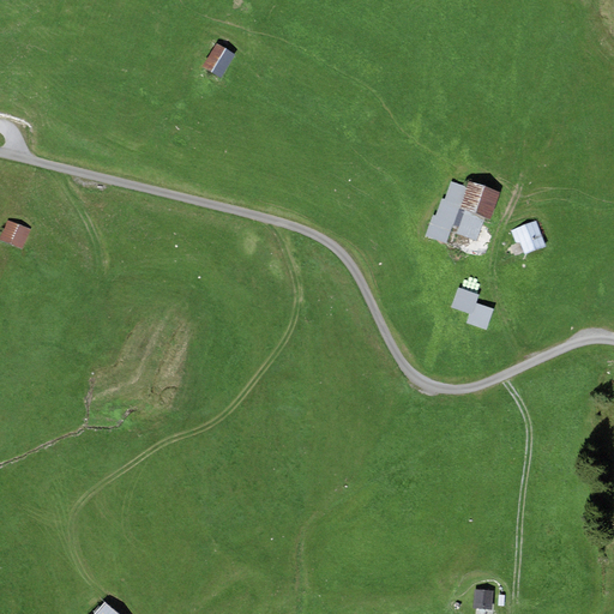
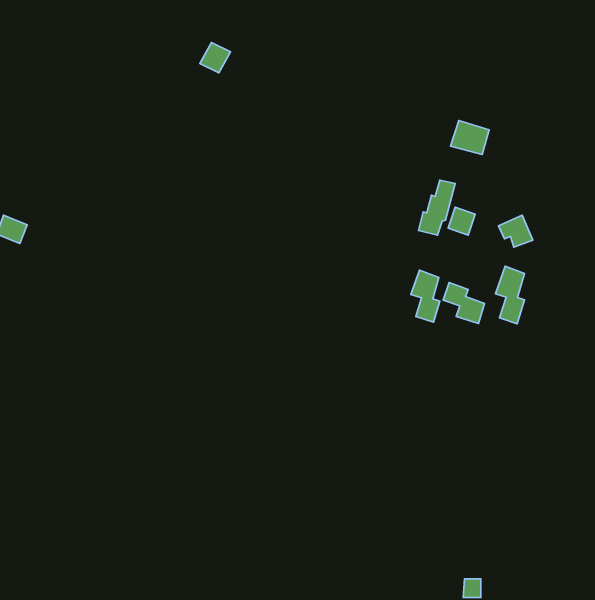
building: [462,182,501,217] -> [451,120,489,154]
building: none -> [495,266,525,324]
building: none -> [411,270,440,322]

